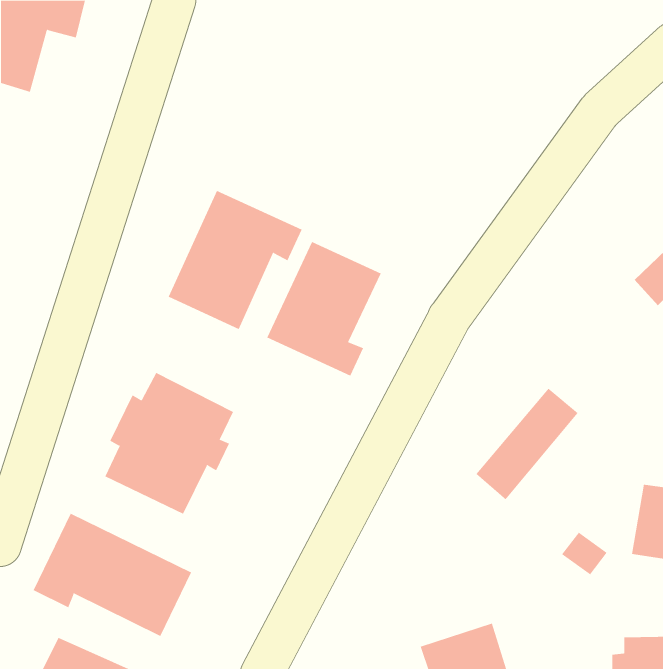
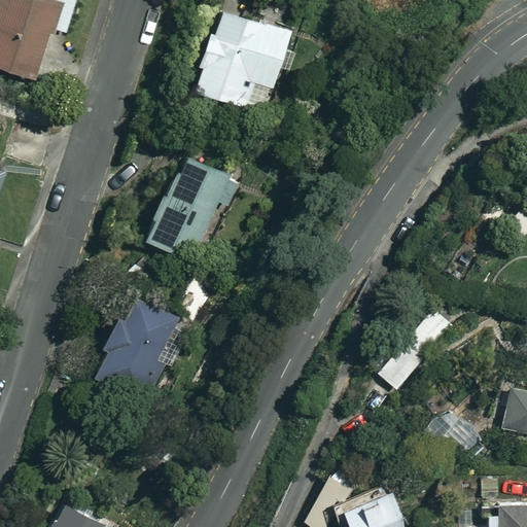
building: none -> [189,8,295,109]
building: [267,241,382,376] -> none
building: [33,513,192,637] -> none

